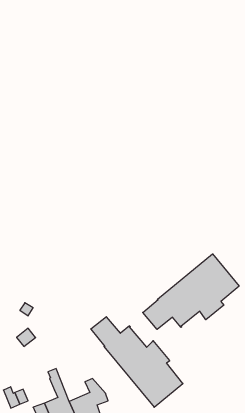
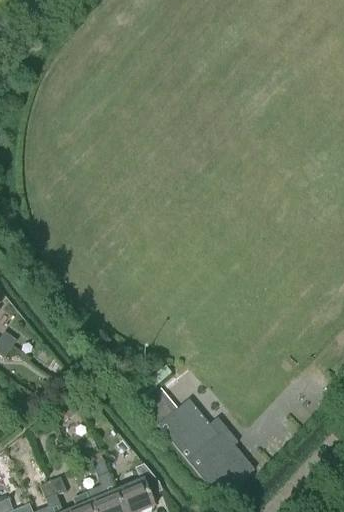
building: [143,254,239,329] -> none

